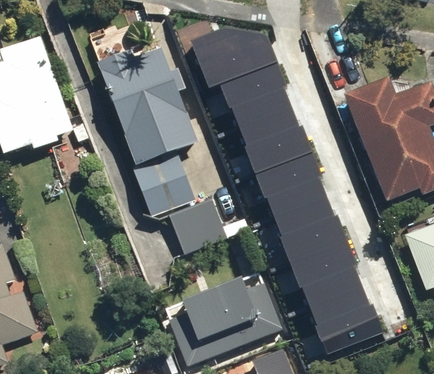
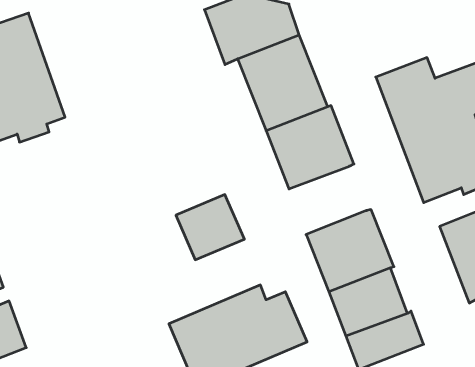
building: [97,40,198,215] -> none
building: [266,173,334,233] -> none

